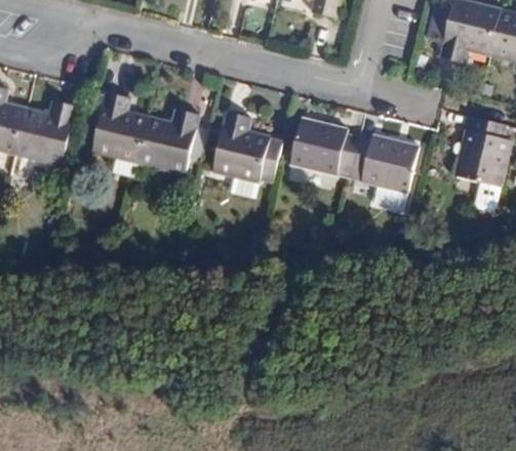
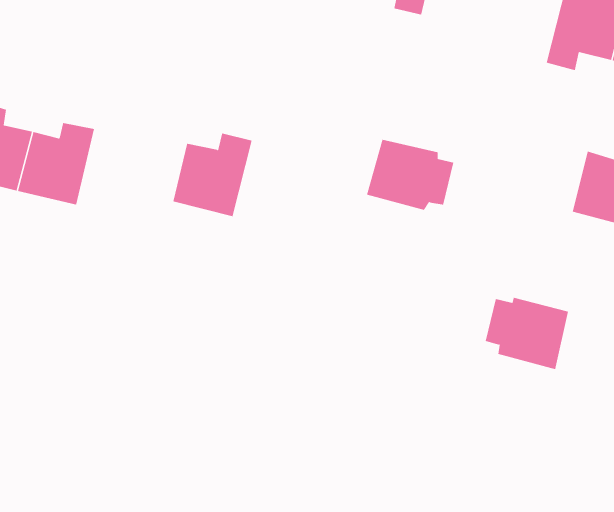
building: [93,93,149,166] -> none
building: [213,113,268,184] -> none
building: [353,134,420,192] -> [485,297,569,370]

